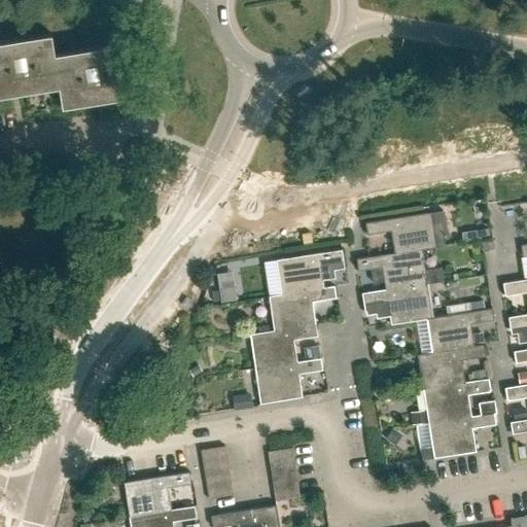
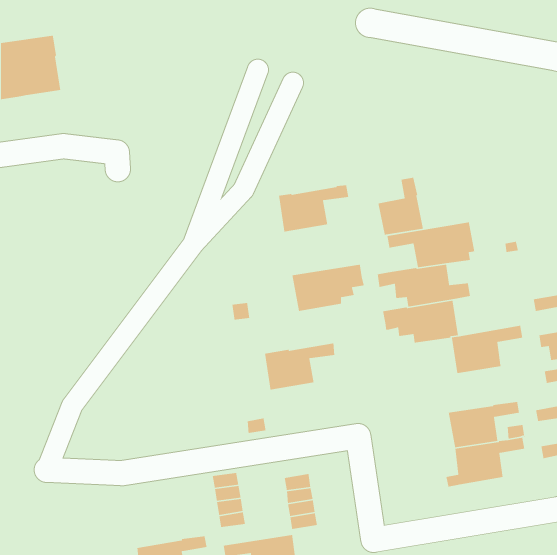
building: [54,44,131,108] -> none
building: none -> [378,177,424,236]
building: [269,287,336,332] -> [278,184,349,232]
building: [418,346,486,391] -> none
building: [255,359,322,406] -> none
building: [124,473,191,519] -> none

